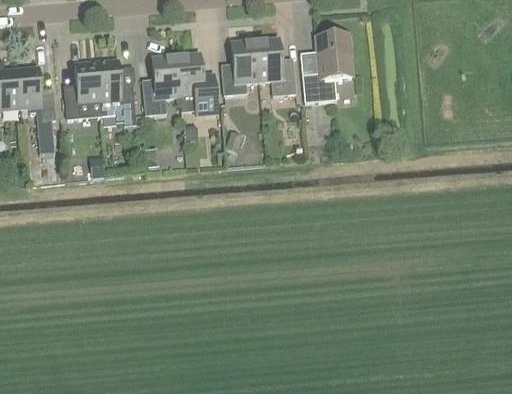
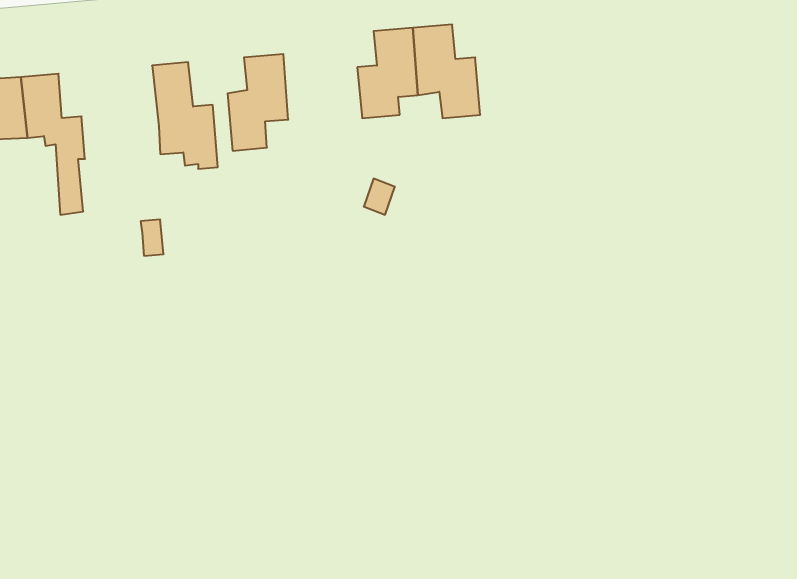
building: [302,32,351,102] -> none
building: [176,53,217,113] -> none
building: [65,63,100,119] -> none

